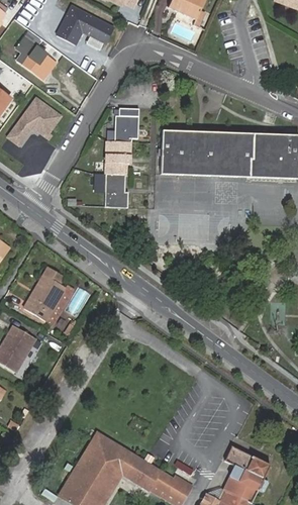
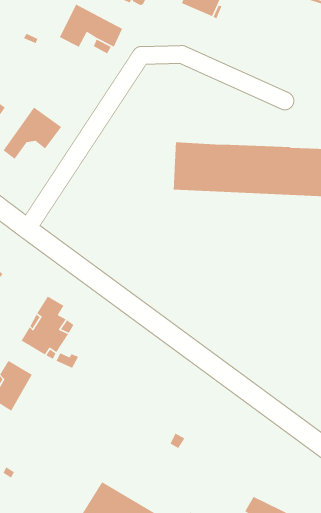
building: [19,47,54,77] -> none
building: [104,108,137,206] -> none

